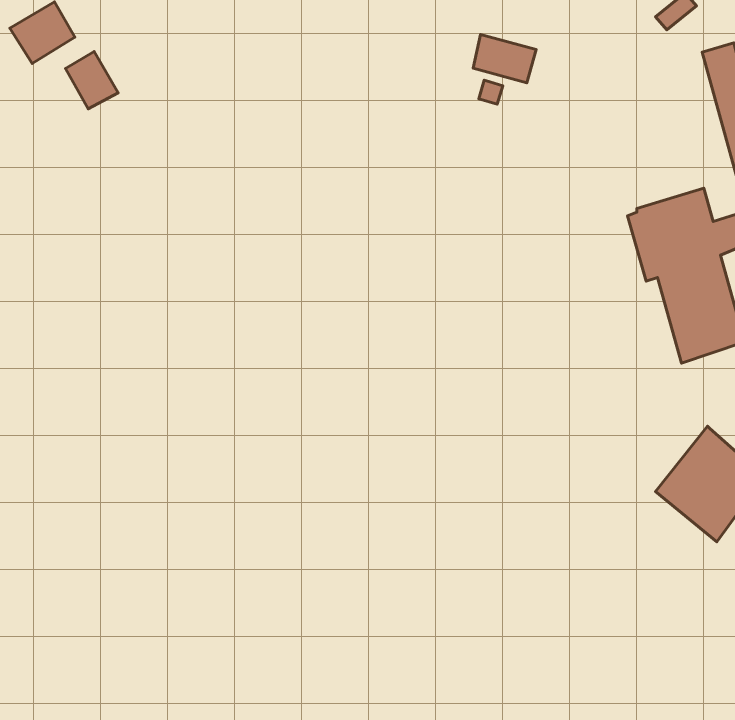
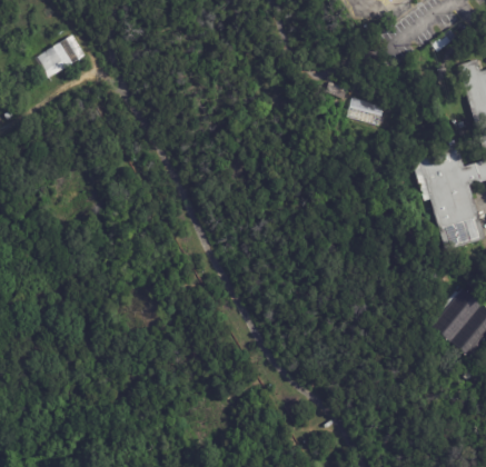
building: [473,35,536,83] -> [345,97,383,126]
building: [66,52,118,109] -> none

